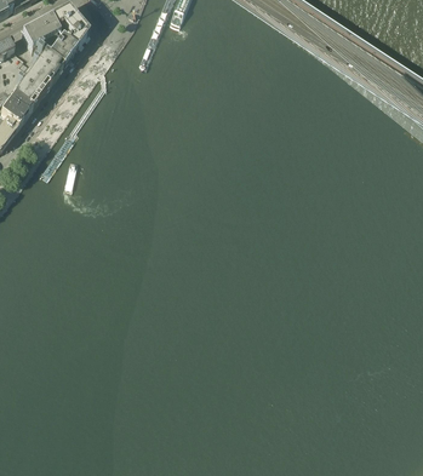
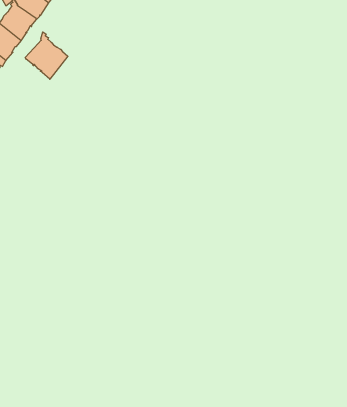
building: none -> [25,32,68,79]

